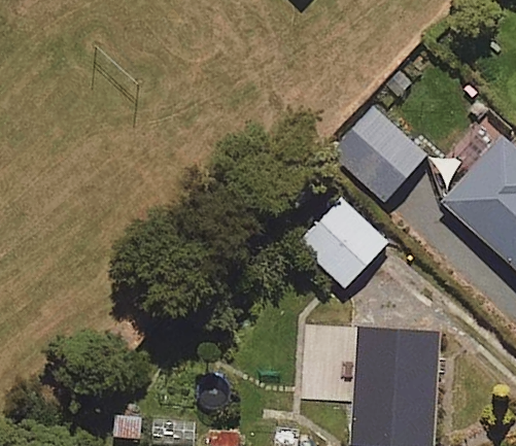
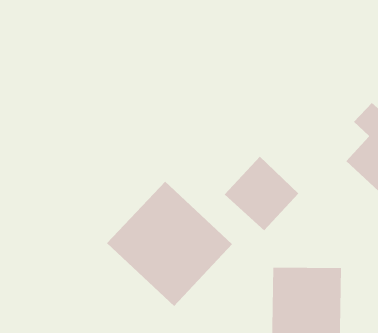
building: [331,105,426,201] -> none
building: none -> [106,181,233,307]

